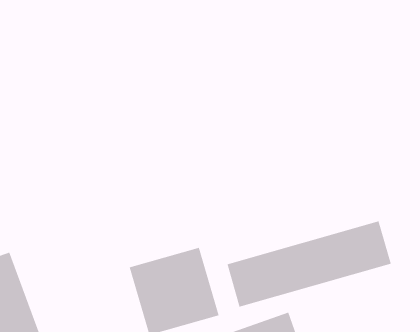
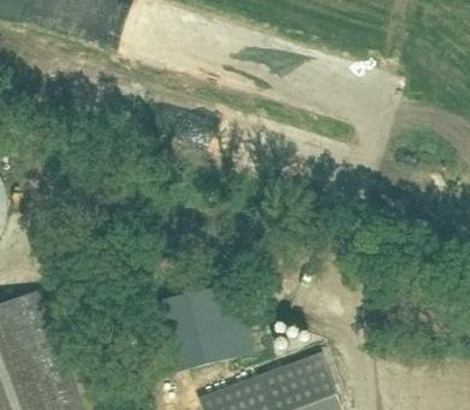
building: [227,221,391,307] -> none

